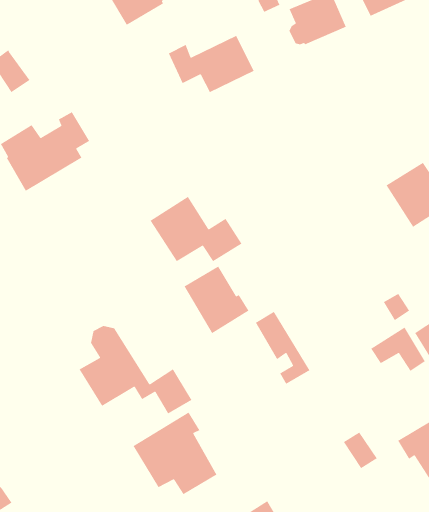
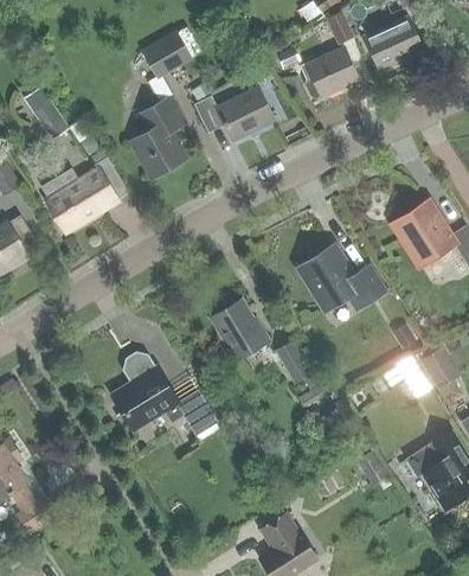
building: none -> [122,95,189,181]
building: [149,196,243,262] -> [300,248,385,308]
building: [133,411,218,495] -> none

